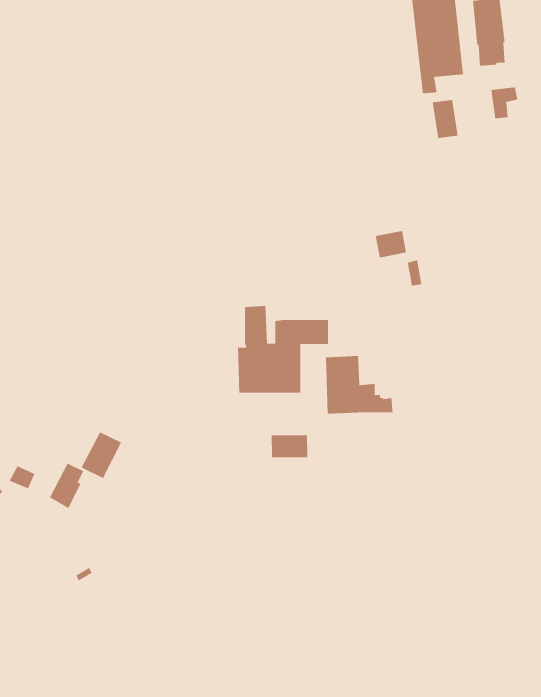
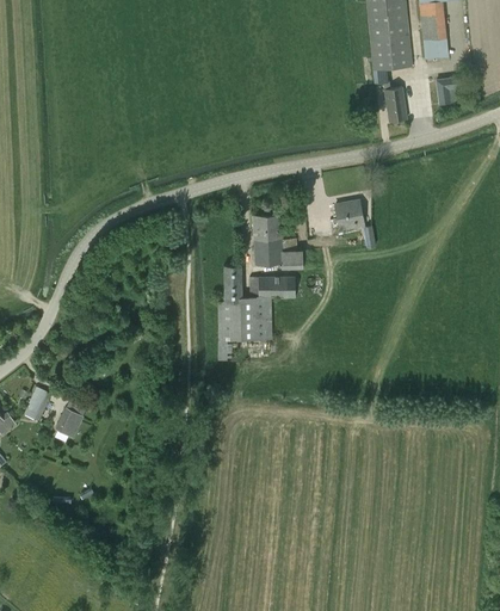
building: [325,356,393,414] -> [253,214,311,264]
building: [81,431,122,479] -> none
building: [271,434,308,458] -> none

